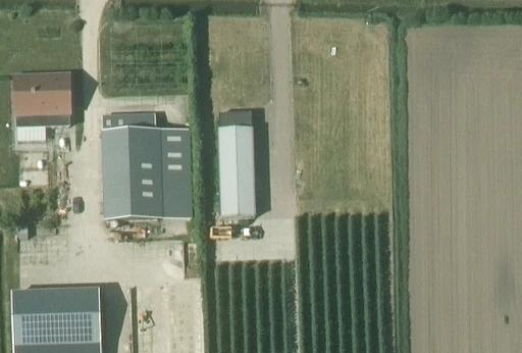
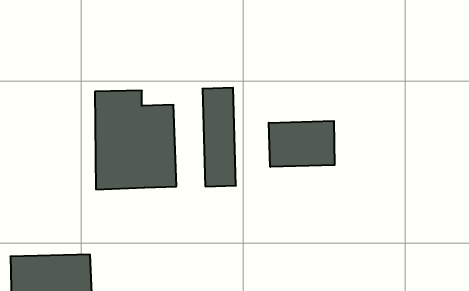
building: [15,73,70,139] -> none
building: none -> [269,121,335,167]

